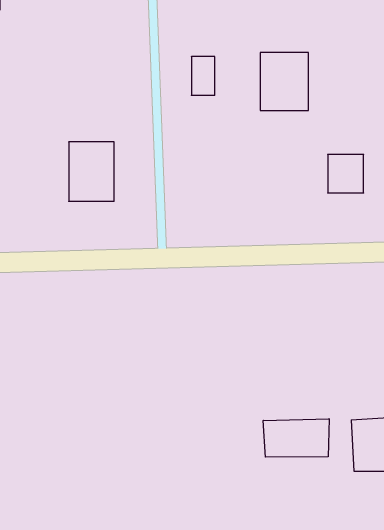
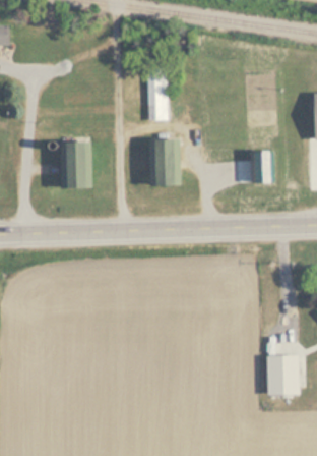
building: [260,53,308,110] -> [147,141,183,184]
building: [263,419,329,457] -> none

